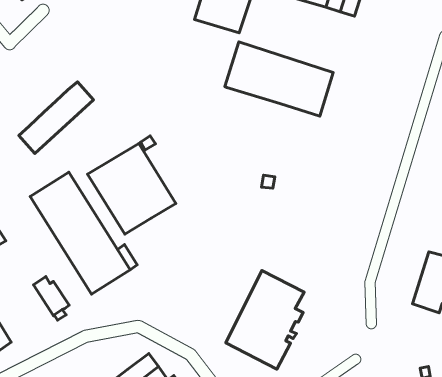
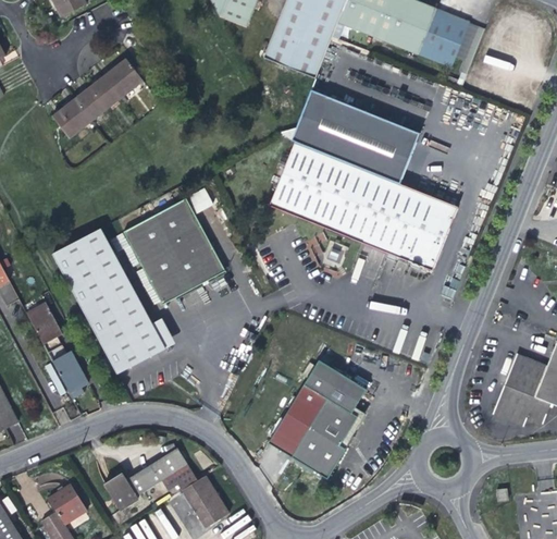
building: [19,82,94,154] -> [51,59,143,139]
building: none -> [268,140,458,270]
building: none -> [26,304,63,355]

